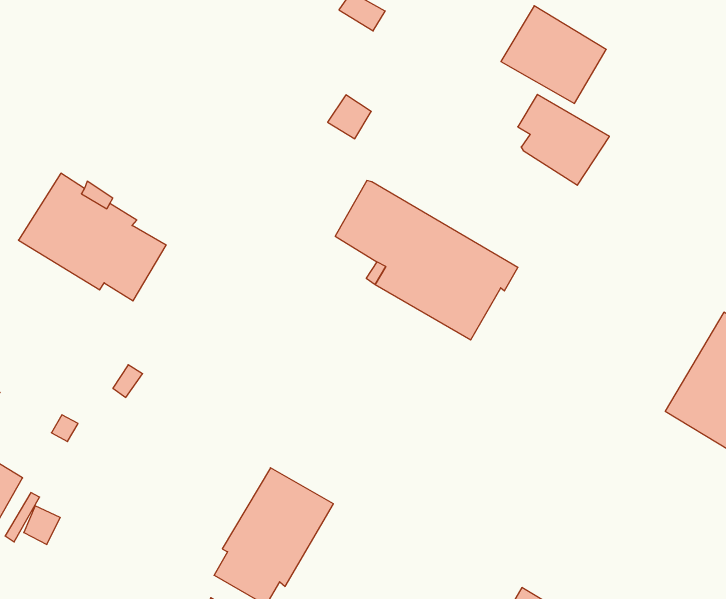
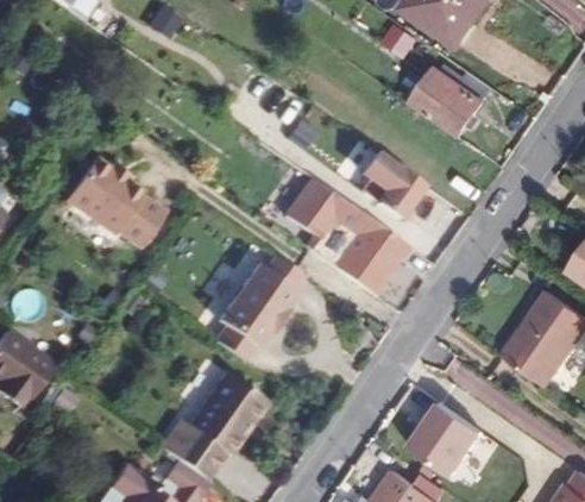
building: [518,94,609,185] -> [360,151,423,217]
building: none -> [215,253,303,359]
building: none -> [408,399,484,473]

